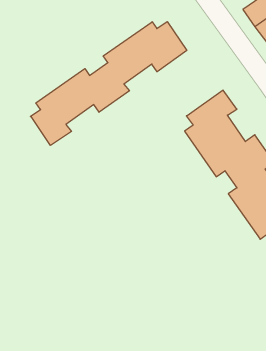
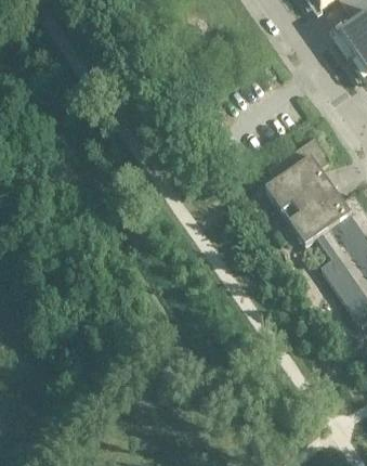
building: [30,22,187,145] -> none

